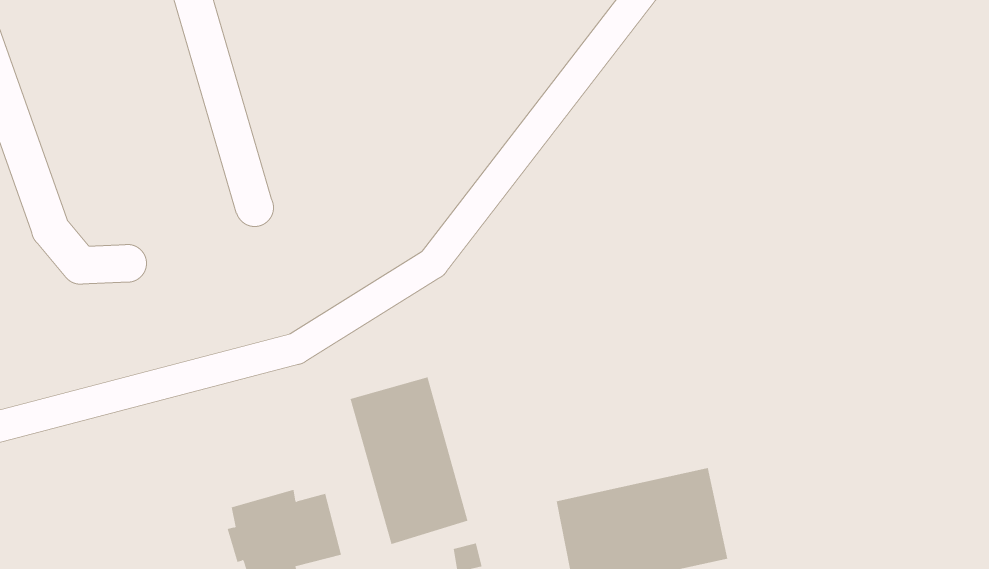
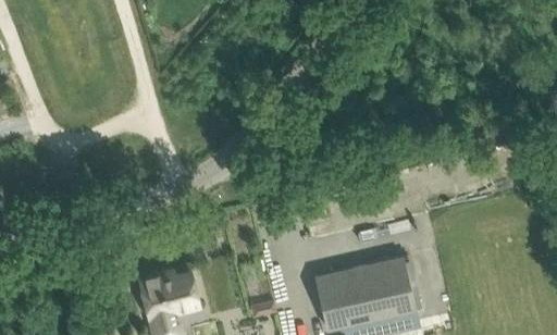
building: [350,376,468,545] -> none

